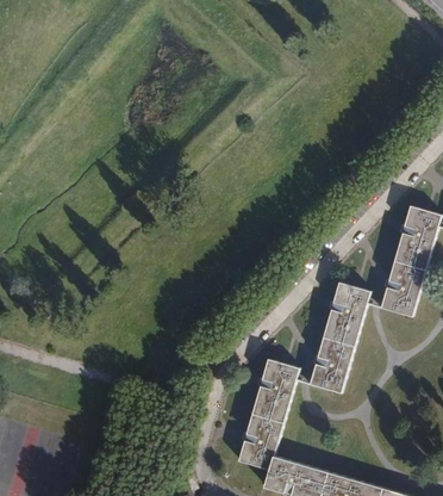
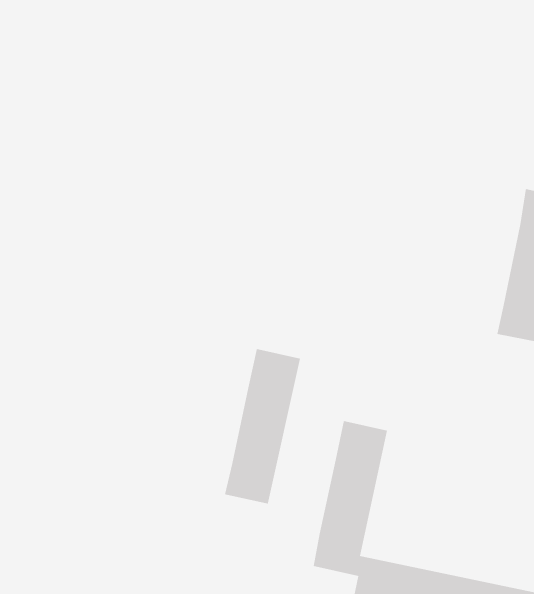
building: [308,281,370,392] -> [224,349,301,504]

